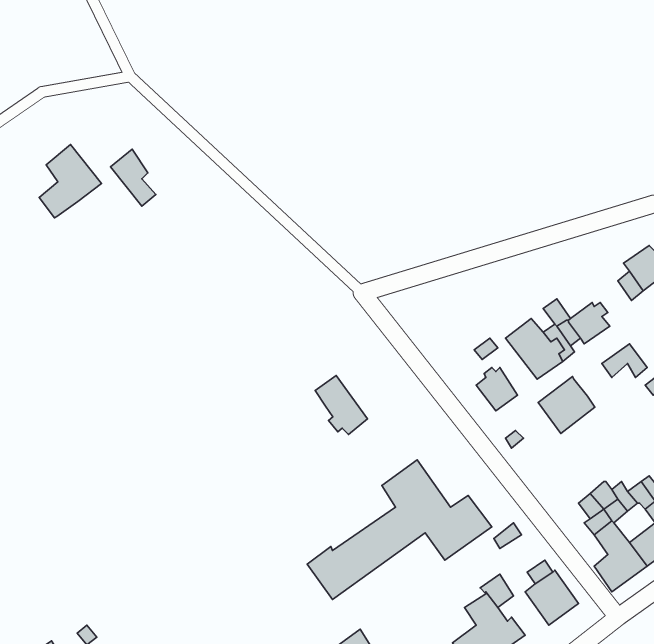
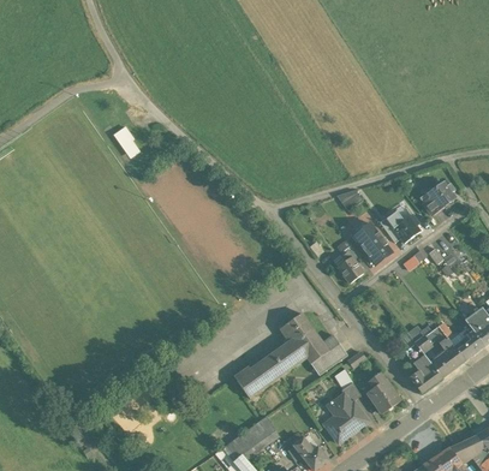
building: [39,145,102,218] -> none
building: [315,375,368,435] -> none
building: [538,376,595,433] -> none

